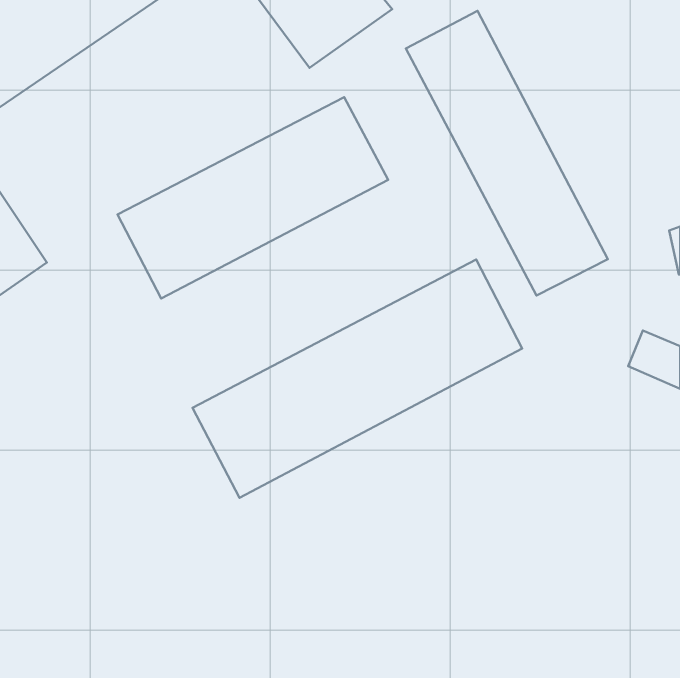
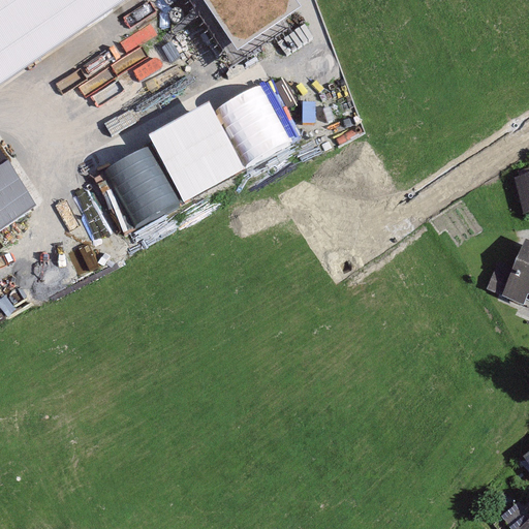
building: [406,11,608,295] -> none
building: [192,259,522,498] -> none

